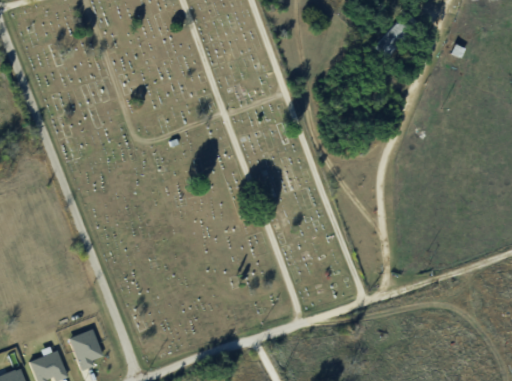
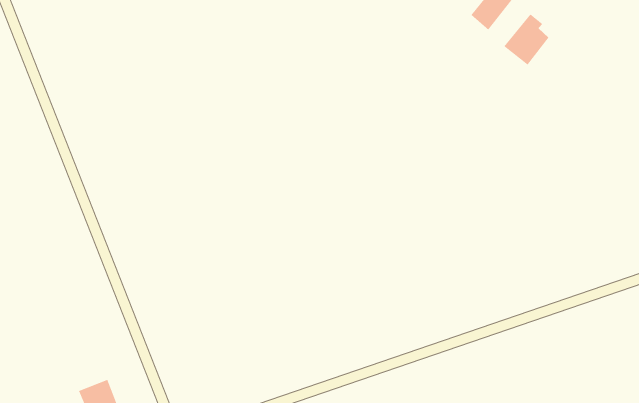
building: none -> [504,14,549,65]

